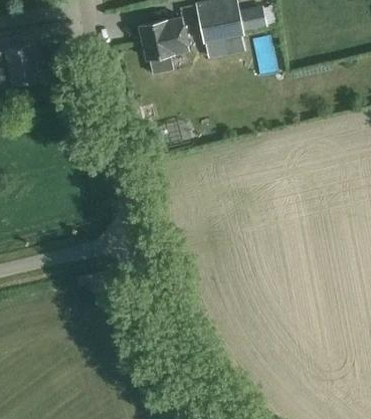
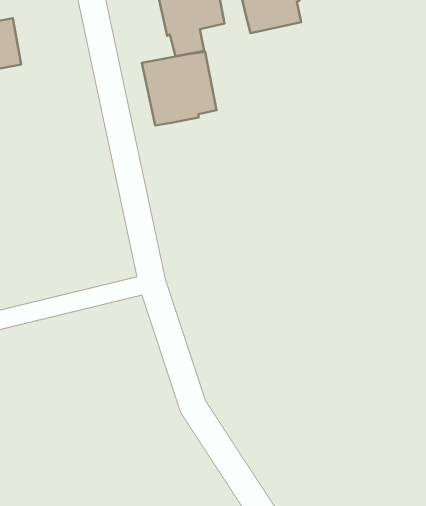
building: none -> [142,52,217,126]

